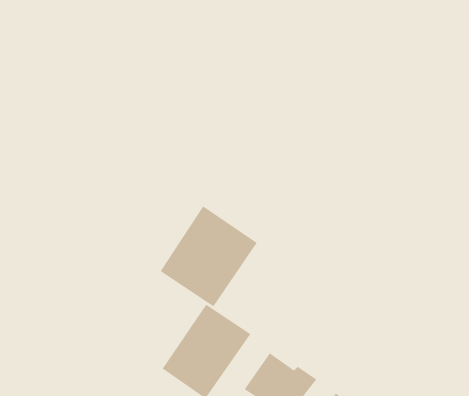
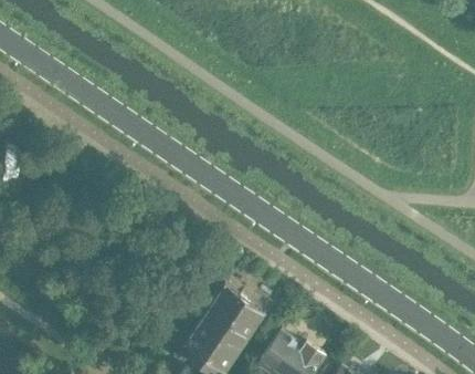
building: [160,205,257,307] -> none

